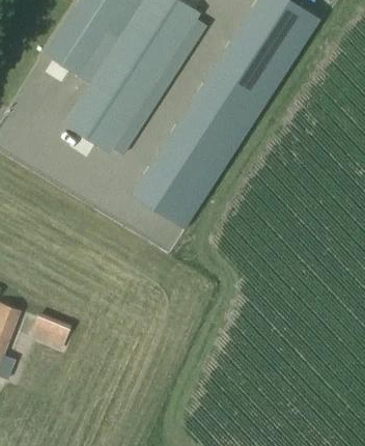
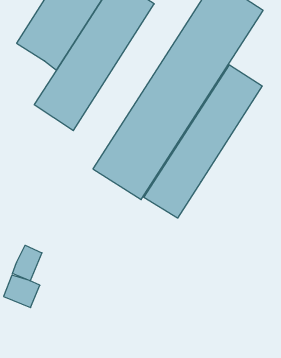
building: none -> [144,65,262,218]
building: none -> [12,245,42,281]

